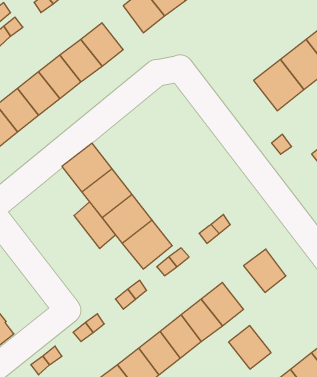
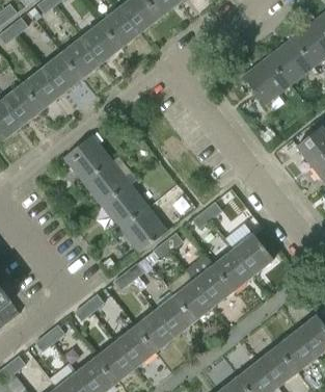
building: none -> [101,7,139,48]
building: [74,202,115,249] -> none
building: [229,326,271,369] -> [213,250,252,290]

